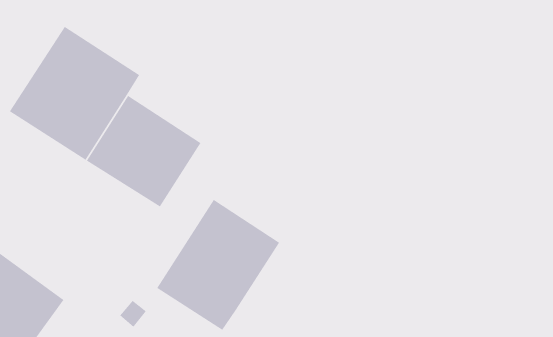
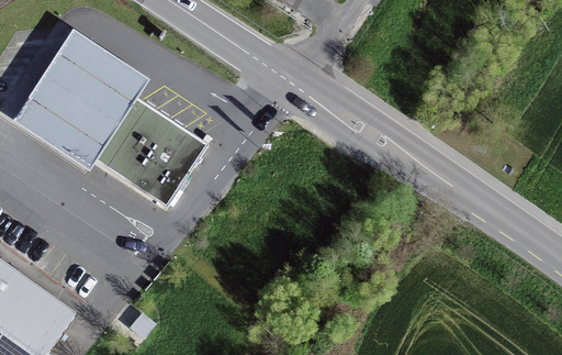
building: [156,199,280,331] -> none

